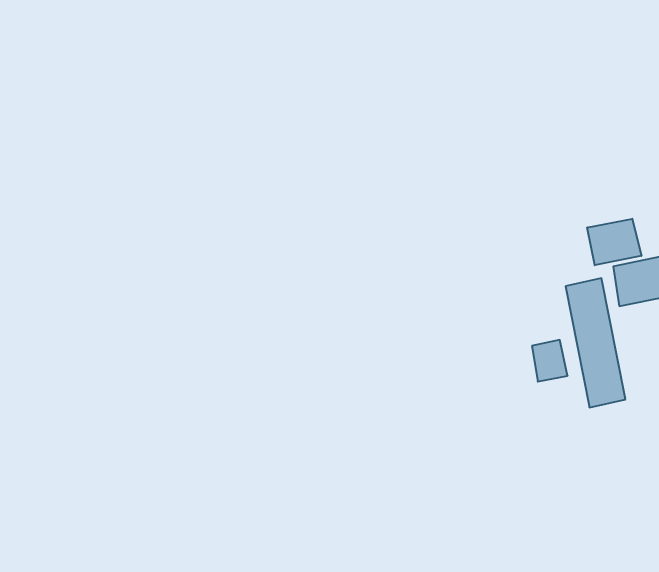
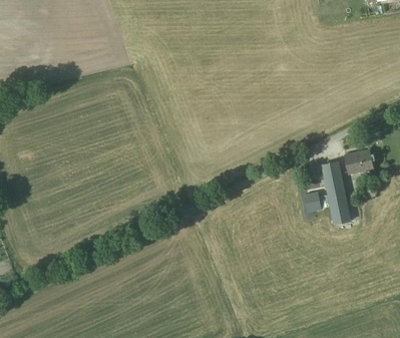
building: [587,219,641,265] -> none

